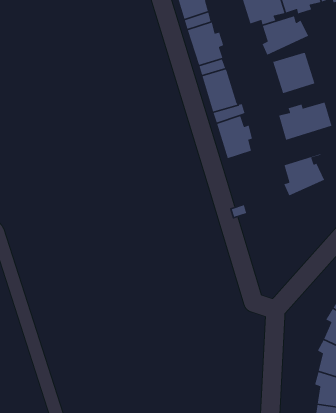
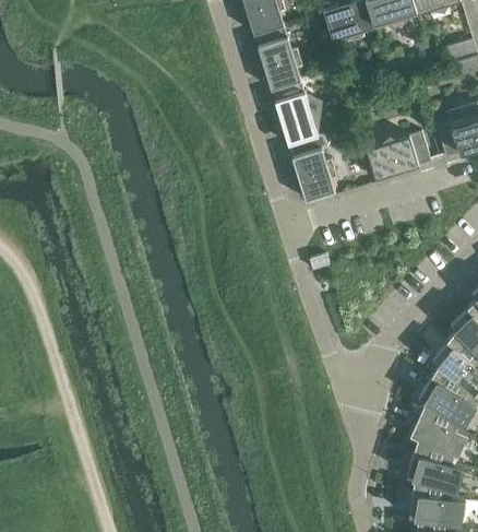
building: [261,12,309,56] -> none
building: [272,52,315,94] -> none
building: [283,153,325,197] -> none

